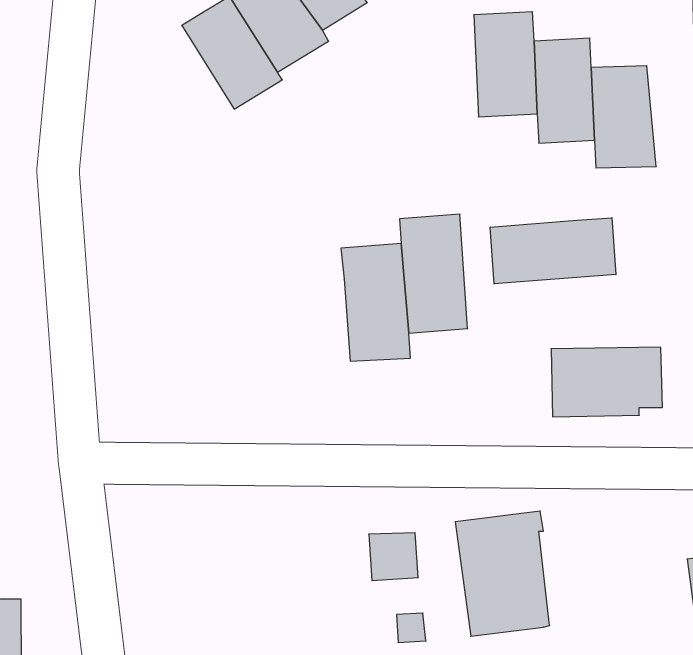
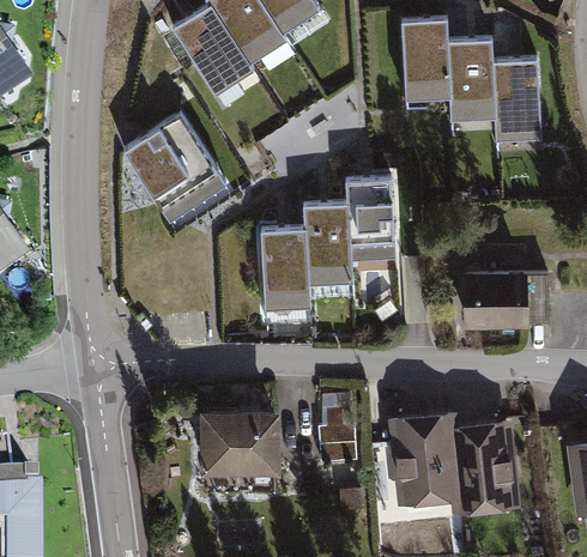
building: none -> [127,116,225,219]
building: [490,218,616,284] -> none
building: none -> [254,226,305,316]
building: none -> [200,405,278,488]
building: none -> [450,414,518,511]

